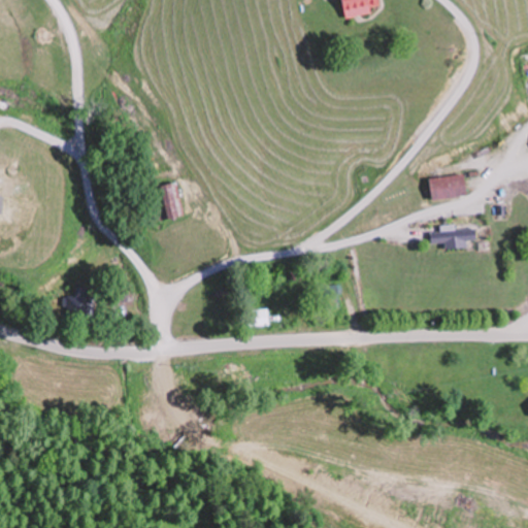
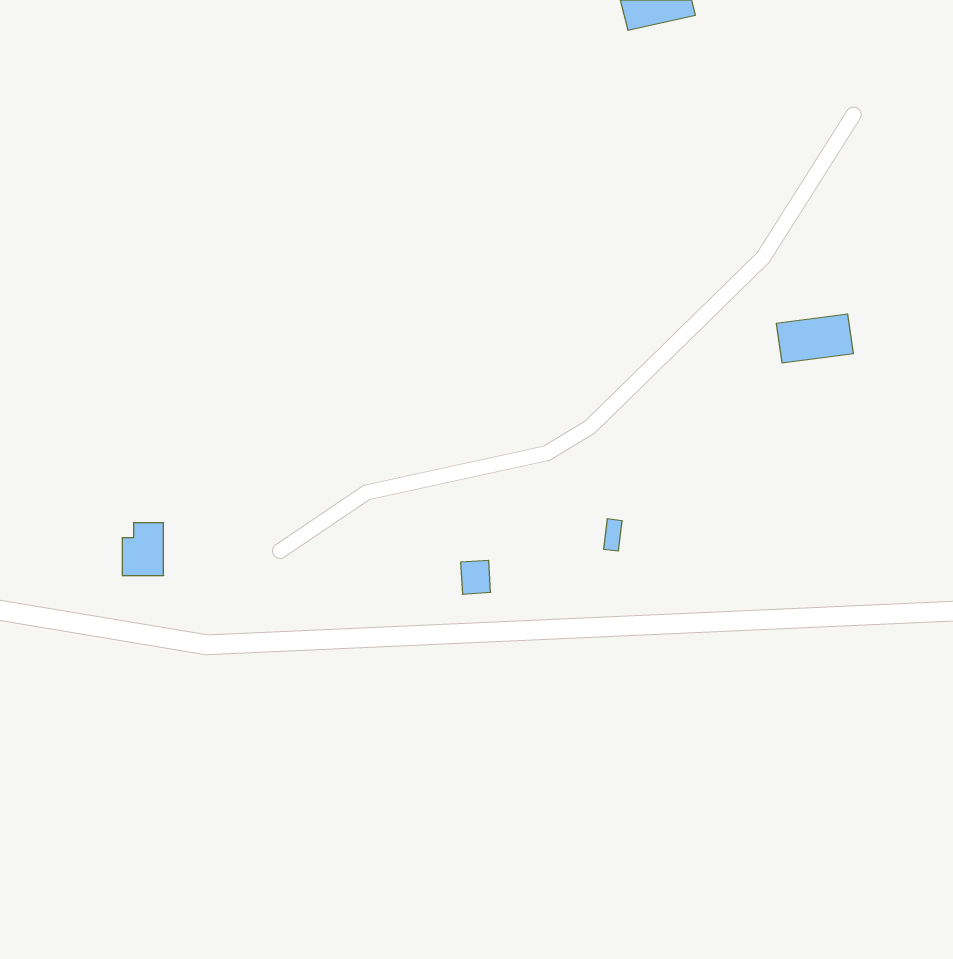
building: [159,184,185,220] -> none
building: [428,226,475,242] -> none

